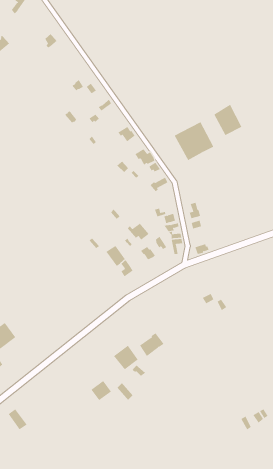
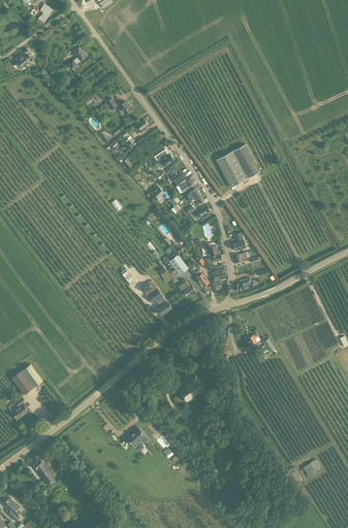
building: [214,104,242,136] -> none
building: [113,345,139,370] -> none

